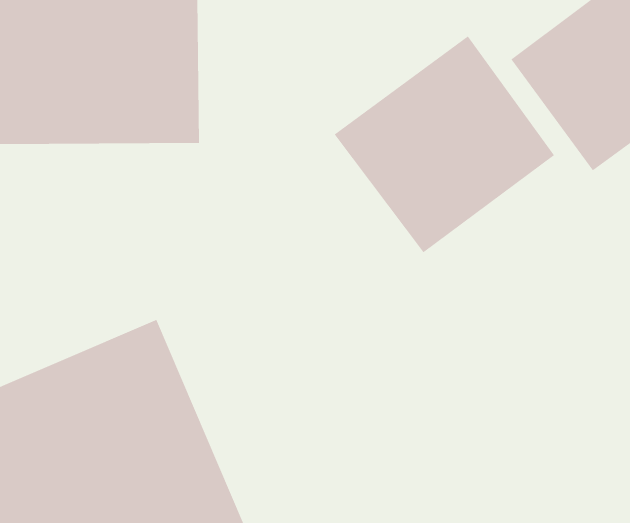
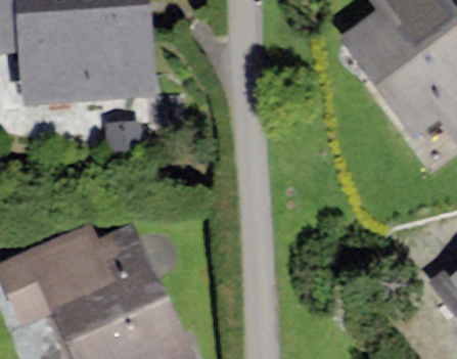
building: [334,35,555,253] -> none

